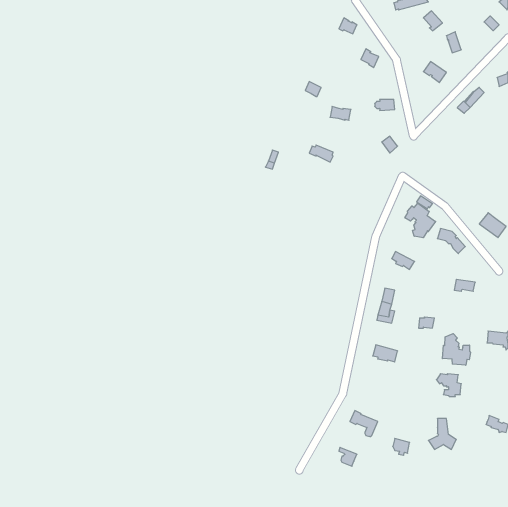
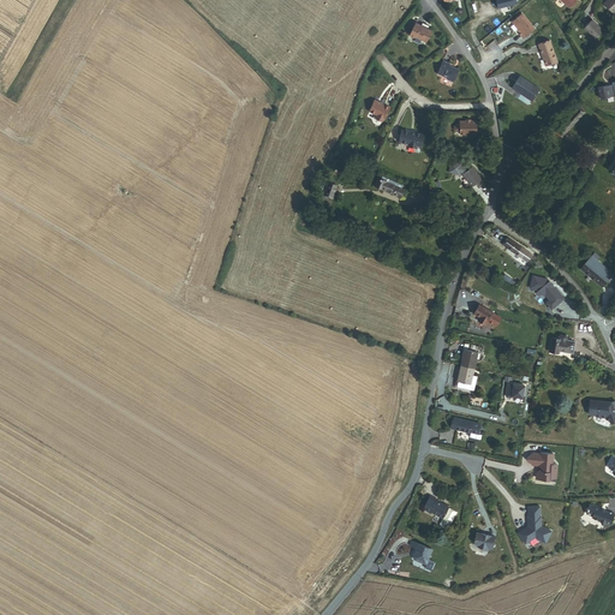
building: [405,203,436,238] -> none
building: [442,334,471,365] -> none

